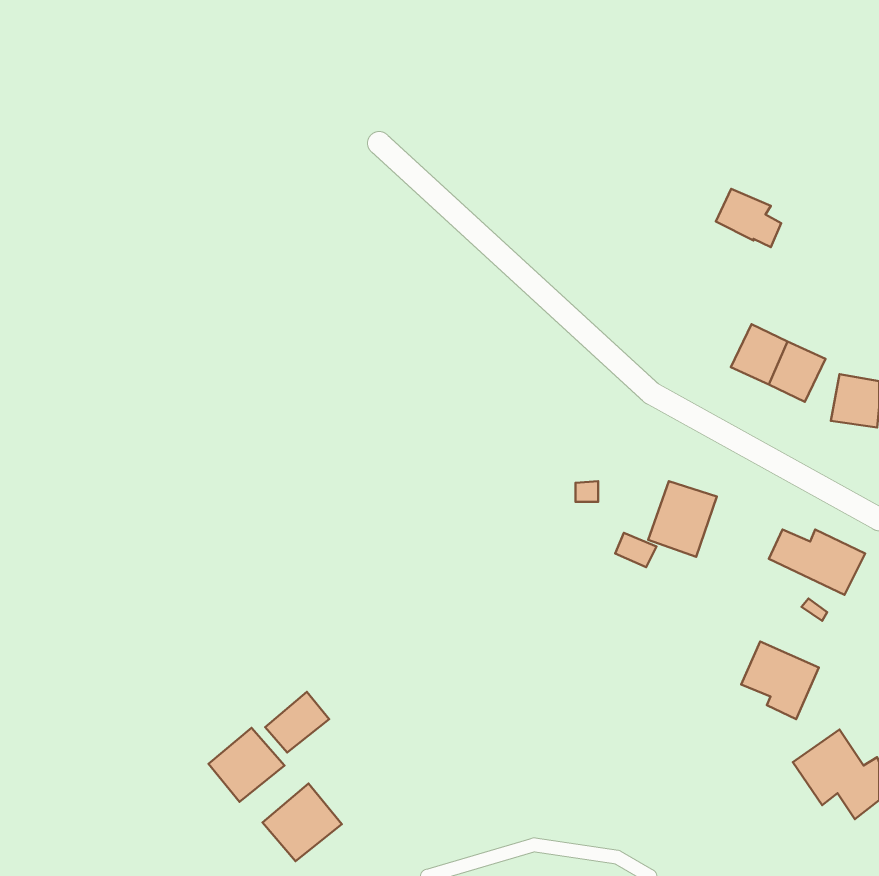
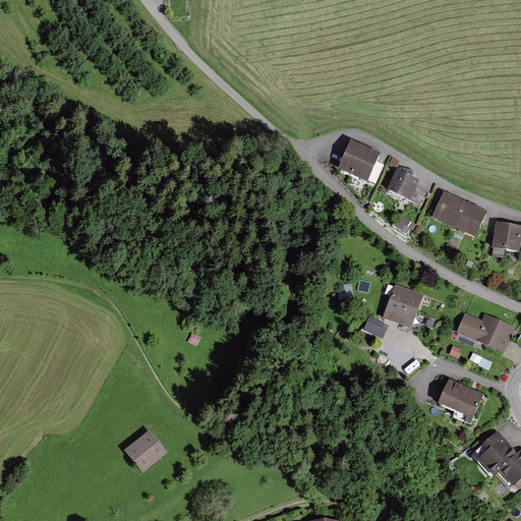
building: [716,189,781,247] -> [387,170,425,205]
building: none -> [338,139,380,181]
building: [265,692,329,753] -> none
building: [263,783,342,861] -> none

